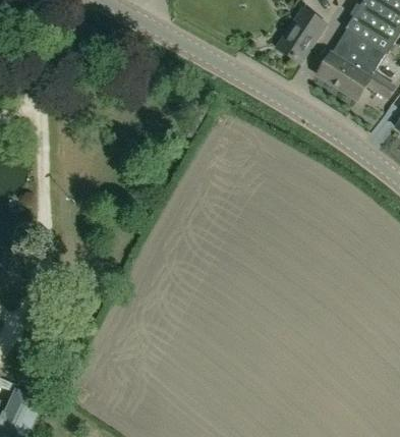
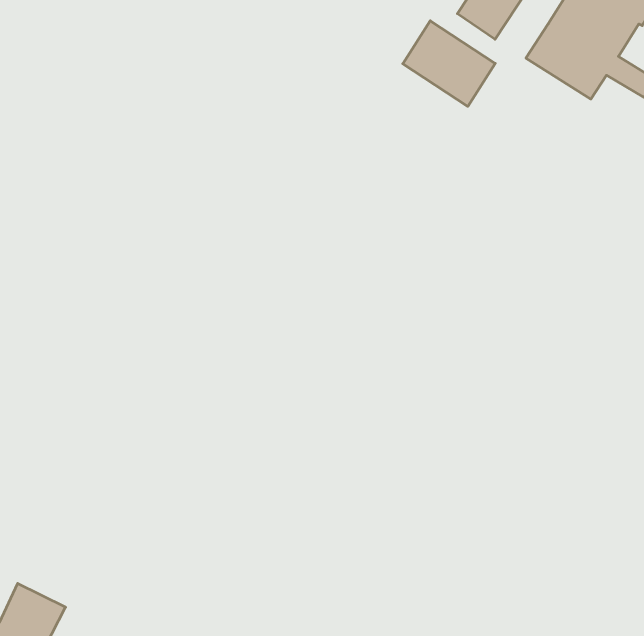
building: none -> [403,21,495,106]

